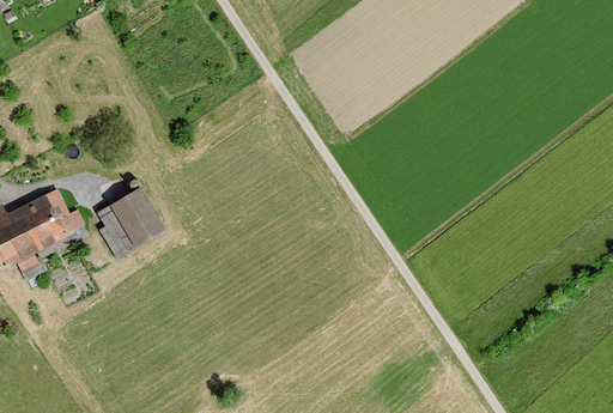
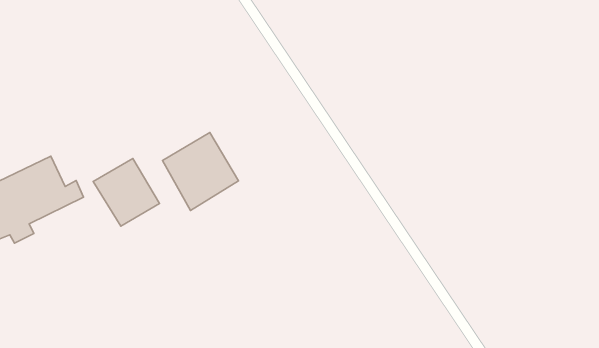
building: none -> [162,132,239,210]

